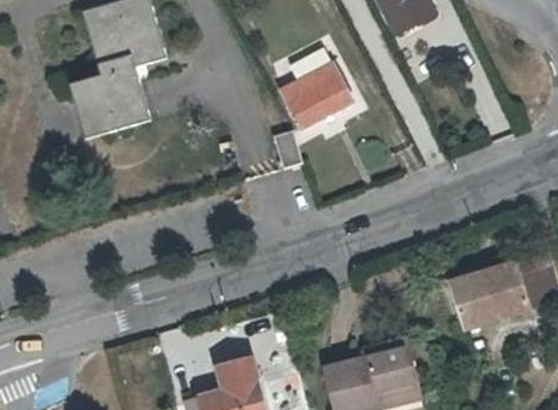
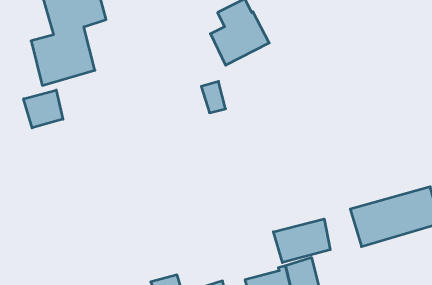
building: none -> [24,90,63,128]
building: none -> [273,219,330,263]

